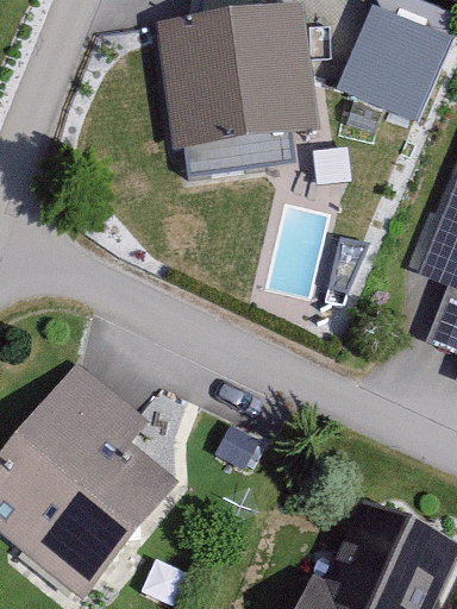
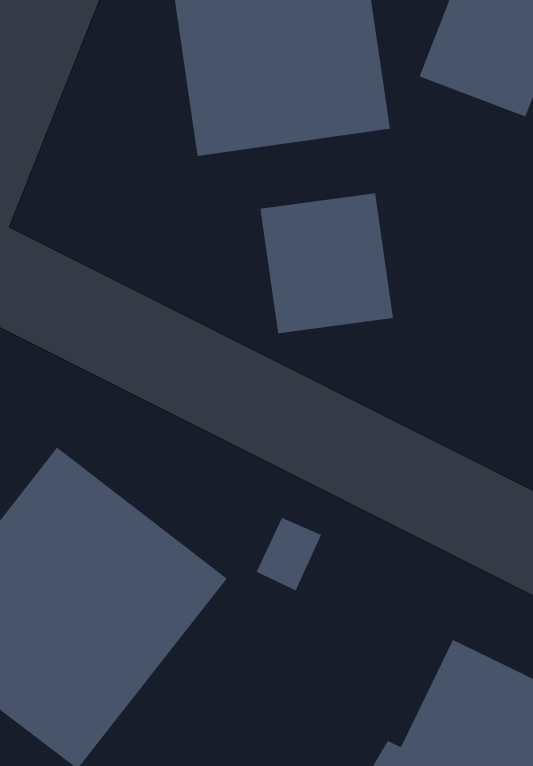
building: none -> [259,192,394,334]

